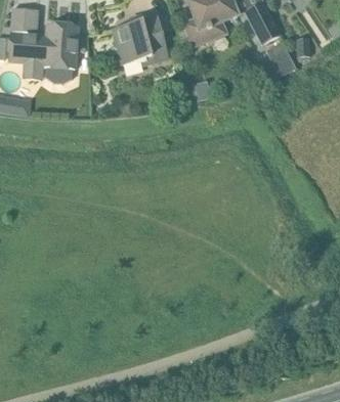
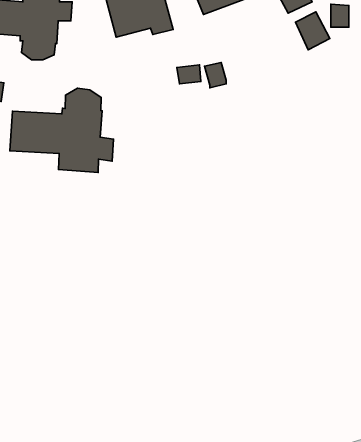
building: none -> [10,88,114,172]

